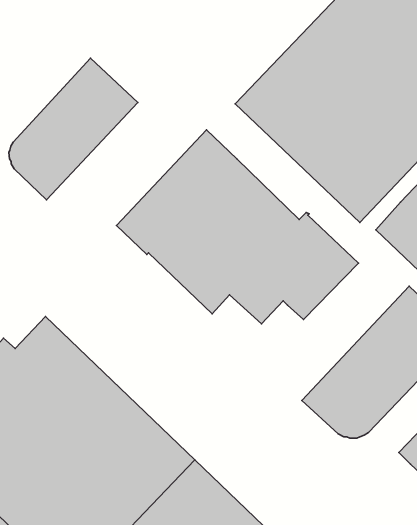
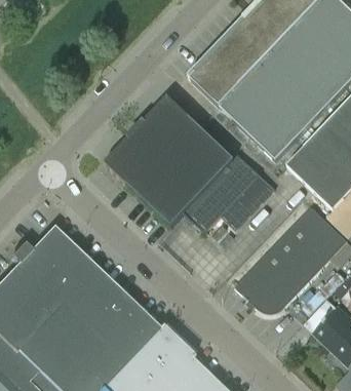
building: [9,58,138,200] -> none

